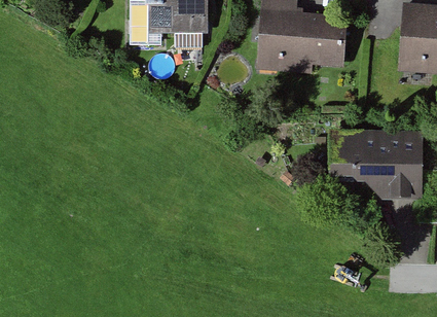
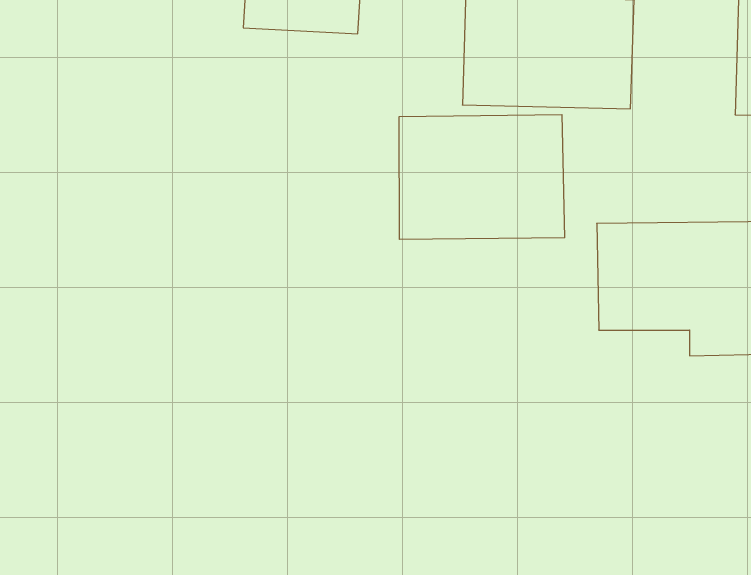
building: none -> [399,115,565,239]

